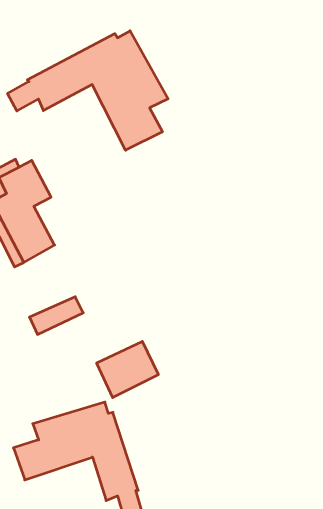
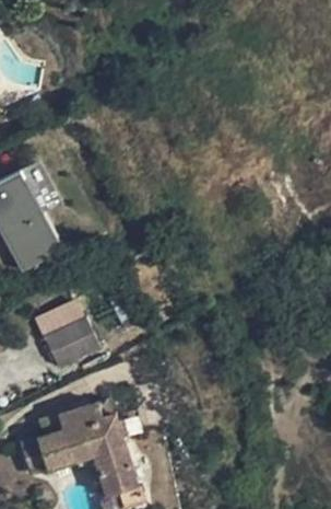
building: [8,31,168,150] -> none
building: [97,341,158,398] -> [43,315,102,369]

